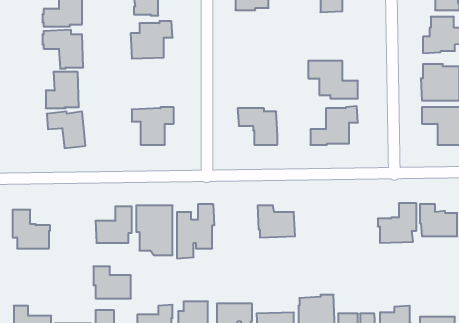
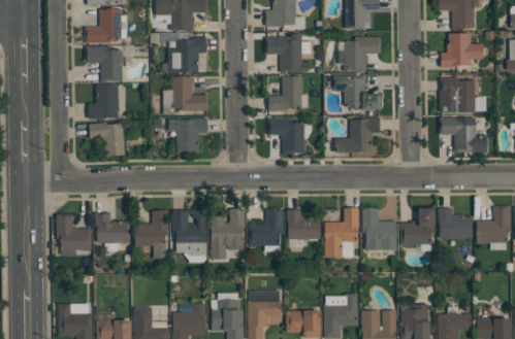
building: none -> [264,33,309,72]
building: none -> [344,36,381,72]
building: none -> [172,75,208,110]
building: none -> [268,76,302,110]
building: none -> [324,207,358,257]
building: none -> [362,207,396,249]
building: none -> [248,208,283,245]
building: [93,266,131,298] -> [95,212,130,242]

